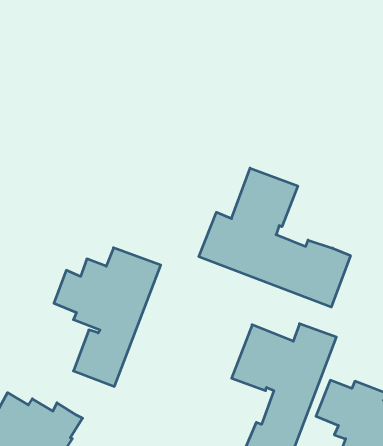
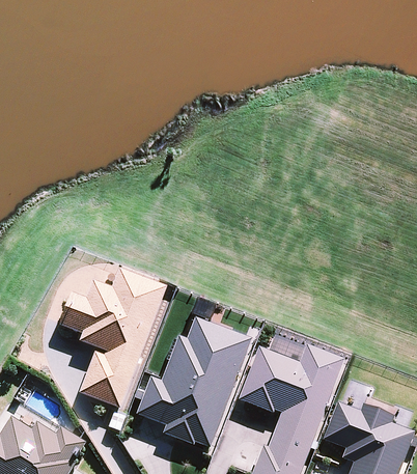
building: [199,168,350,307] -> none
building: none -> [136,318,252,448]

